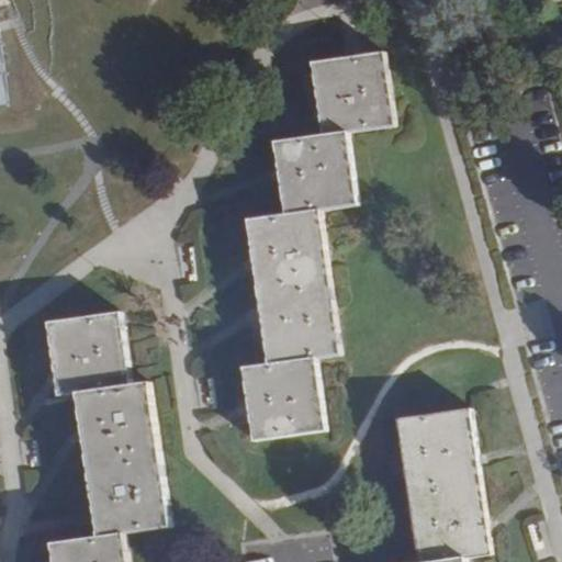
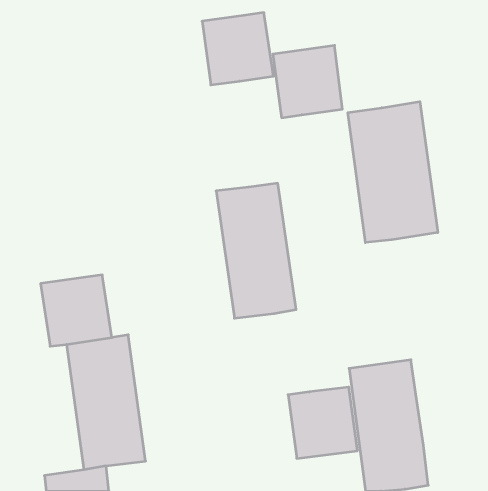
building: none -> [348,102,438,243]
building: [273,131,355,213] -> [202,13,273,85]
building: [243,357,322,438] -> [288,387,357,458]

